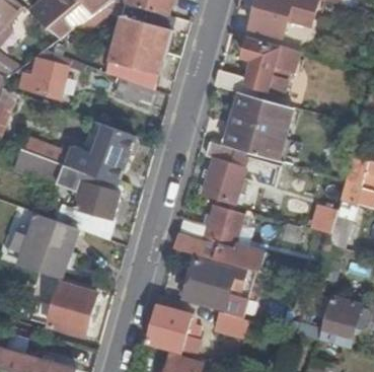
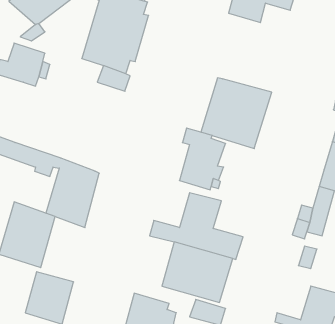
building: [213,36,300,93] -> none
building: [39,121,136,183] -> none

